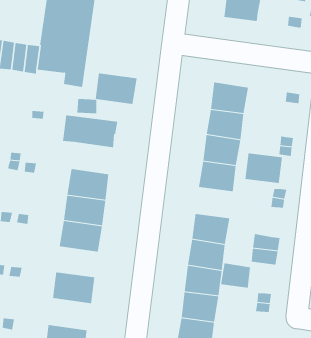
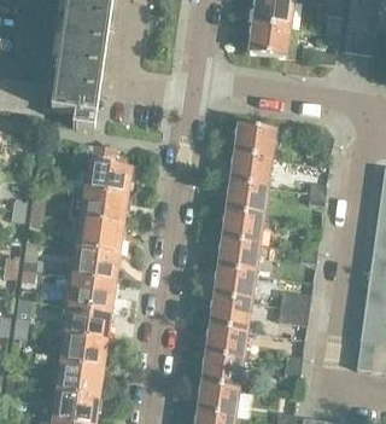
building: [95,73,138,105] -> [81,190,128,225]
building: [244,153,283,184] -> [217,239,259,273]
building: none -> [64,304,111,338]
building: [221,263,251,288] -> none
building: none -> [55,361,104,396]

